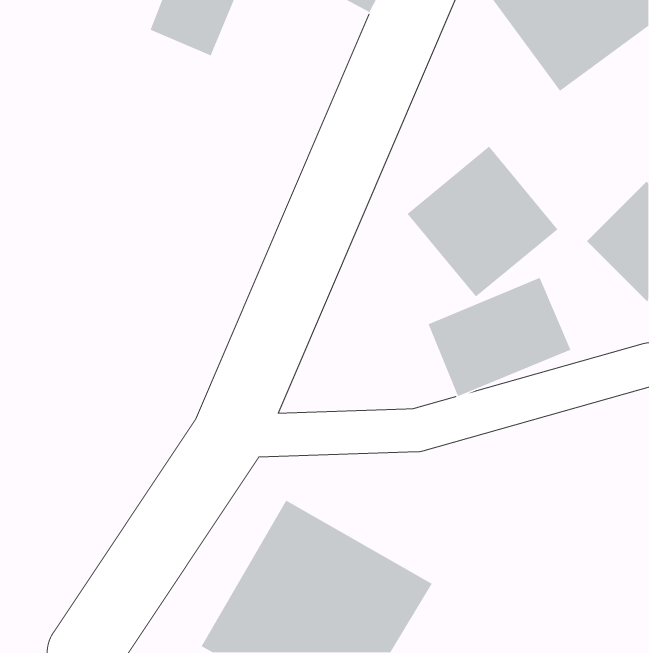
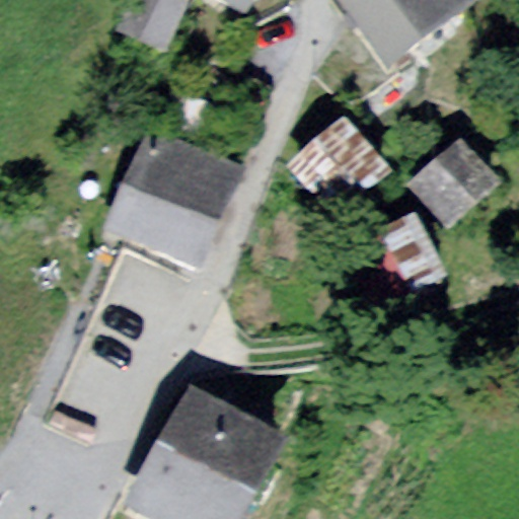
building: none -> [114,118,244,252]

